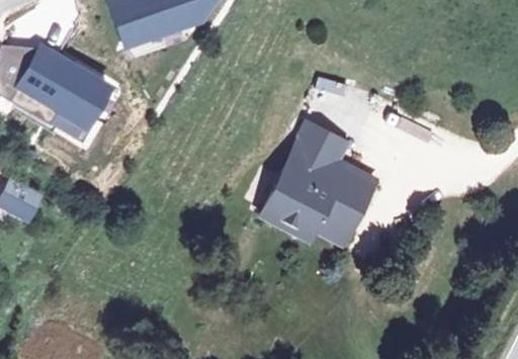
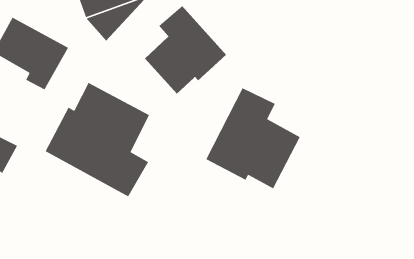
building: none -> [144,5,227,95]
building: none -> [44,82,150,198]

